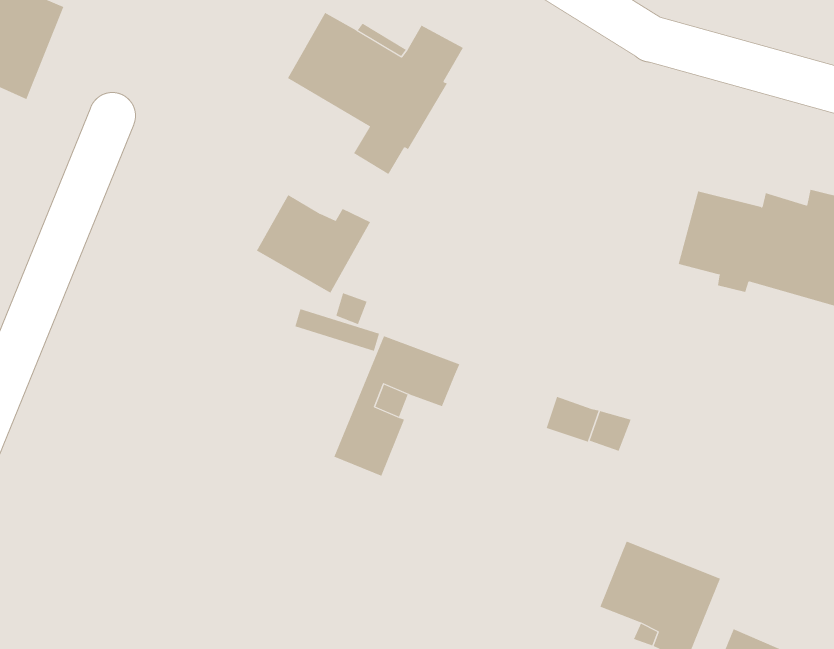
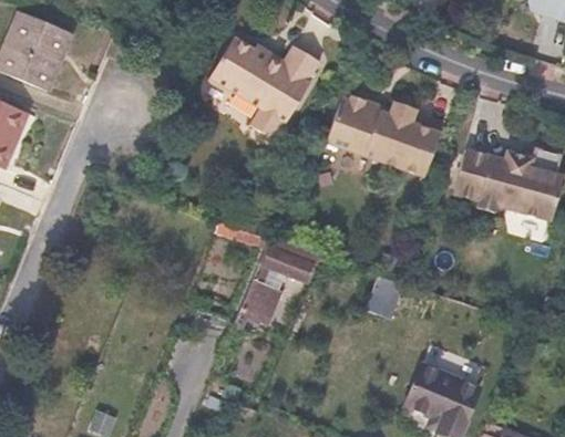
building: none -> [326,95,440,177]
building: [256,194,371,294] -> none

